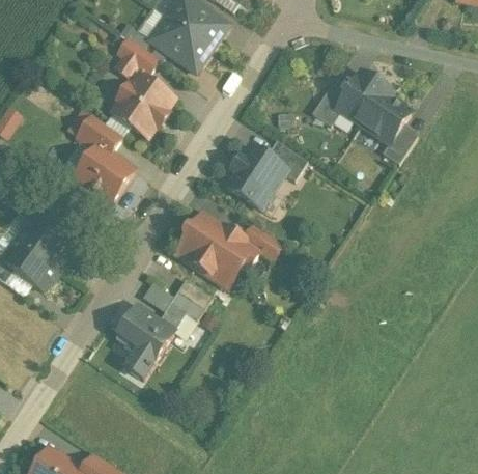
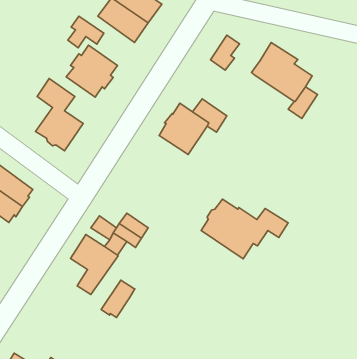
building: [311,82,346,124] -> [210,35,240,70]
building: [176,214,282,286] -> [201,199,288,259]
building: none -> [101,280,135,318]

